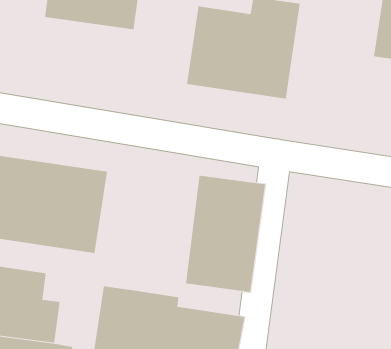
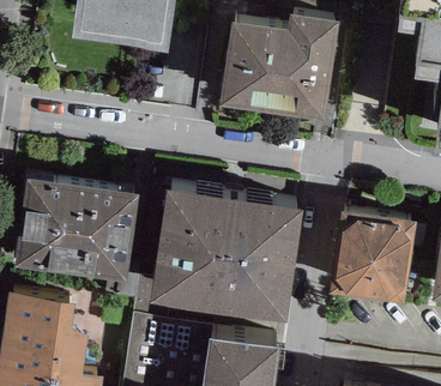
building: none -> [133,191,232,319]
building: none -> [328,212,415,302]

